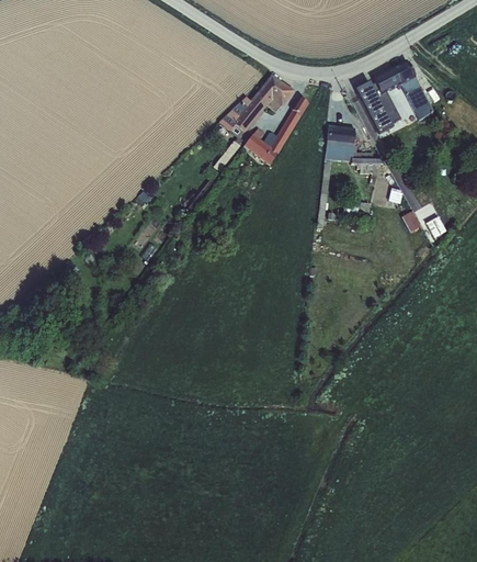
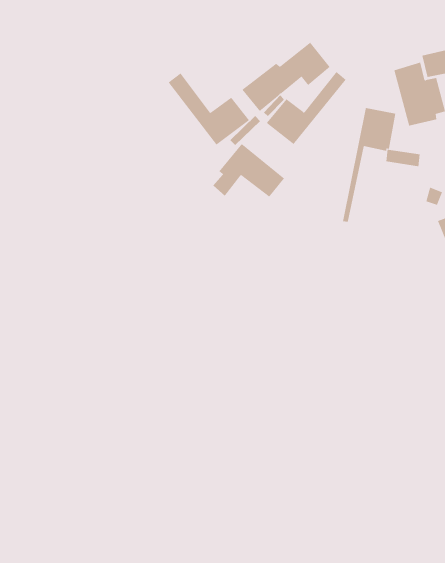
building: none -> [168,72,250,146]
building: none -> [212,143,285,197]

